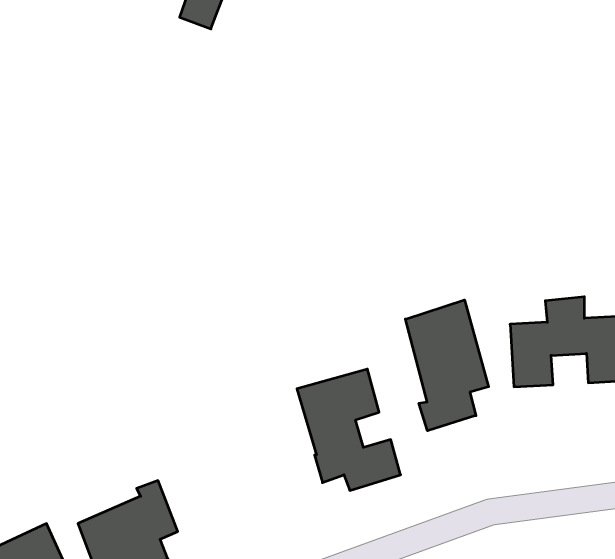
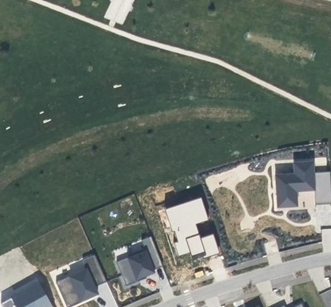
building: [405,300,489,431] -> none
building: none -> [116,236,163,286]

